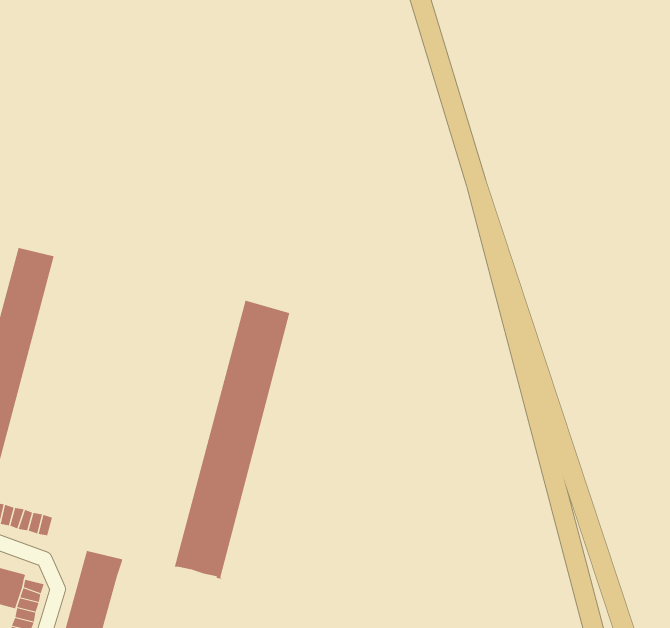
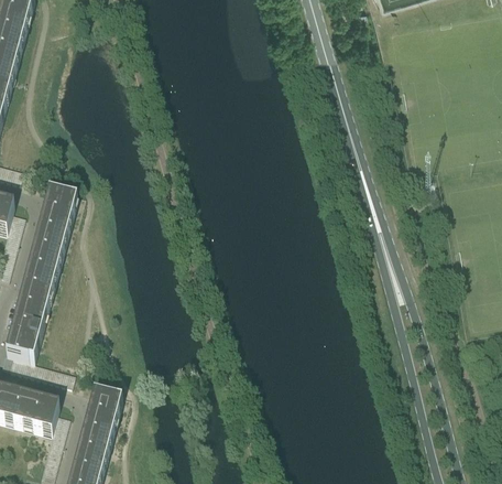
building: [174,300,296,580] -> none

